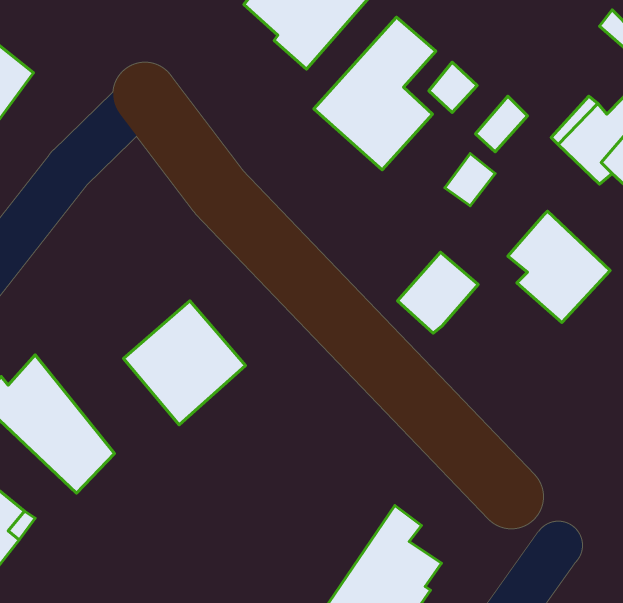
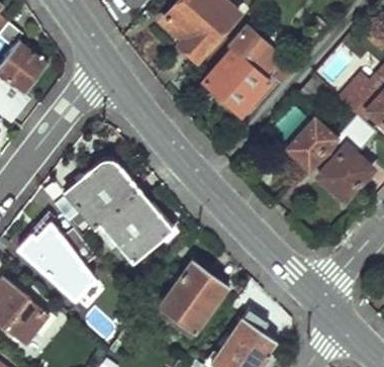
building: none -> [64,159,136,228]
building: [397,252,478,333] -> [290,124,335,170]
building: none -> [156,259,226,334]

